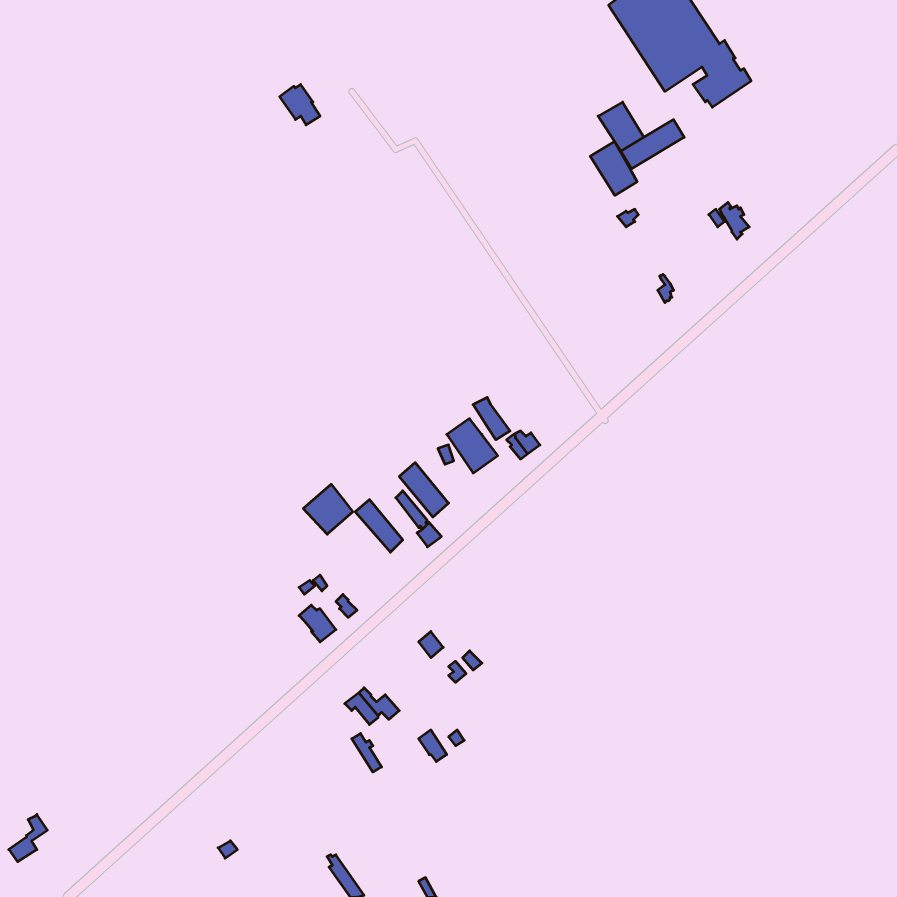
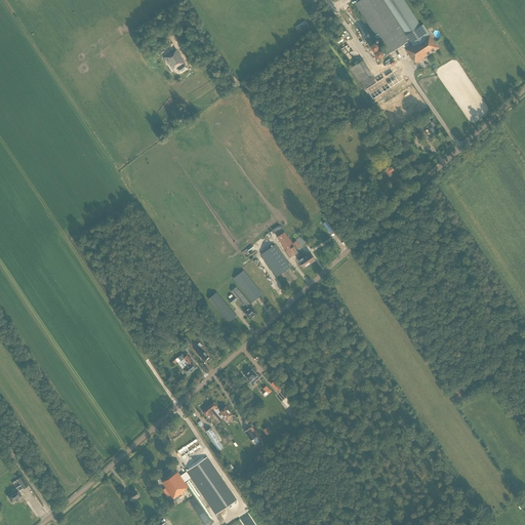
building: [590,142,637,195] -> none
building: [303,484,353,534] -> none
building: none -> [157,456,236,514]

